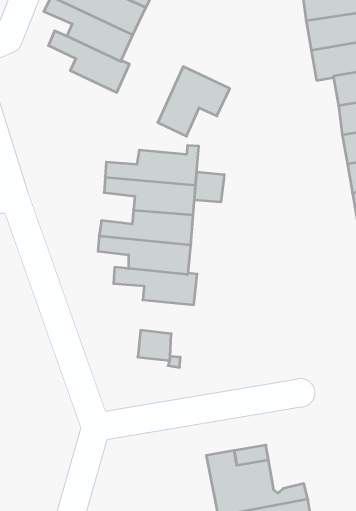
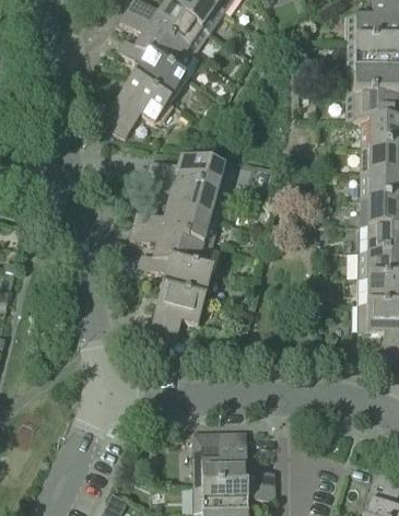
building: [158,67,230,136] -> [103,74,171,136]
building: [194,172,224,202] -> none
building: none -> [155,285,206,324]

